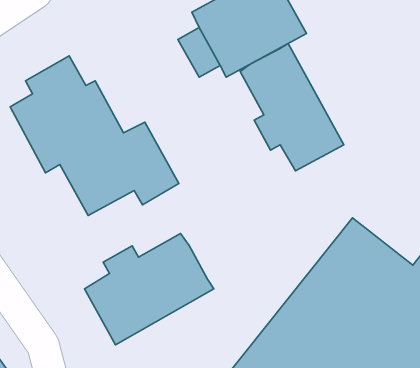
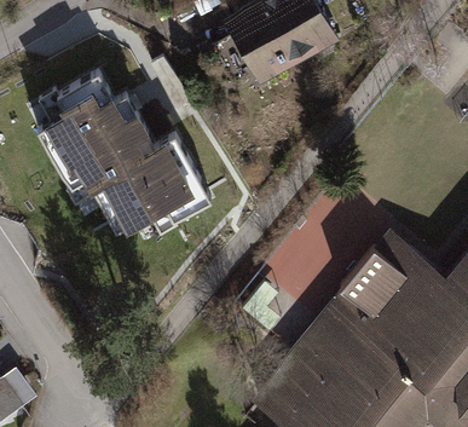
building: [240,44,344,171] -> none
building: [84,233,214,345] -> none

